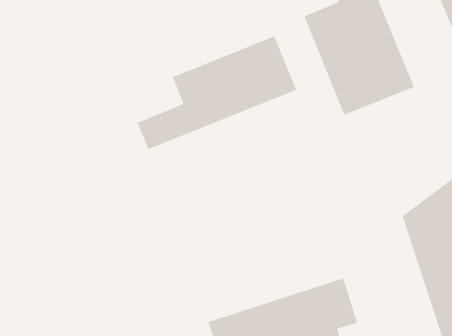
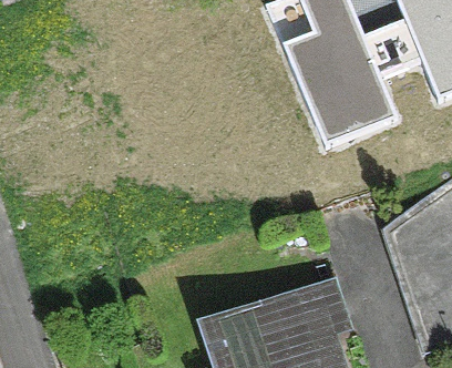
building: [137,36,297,150] -> none

